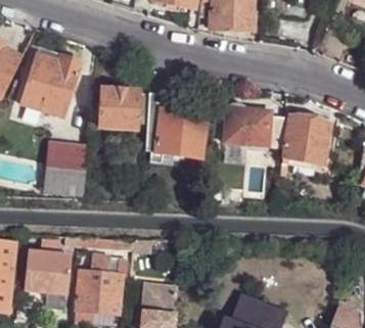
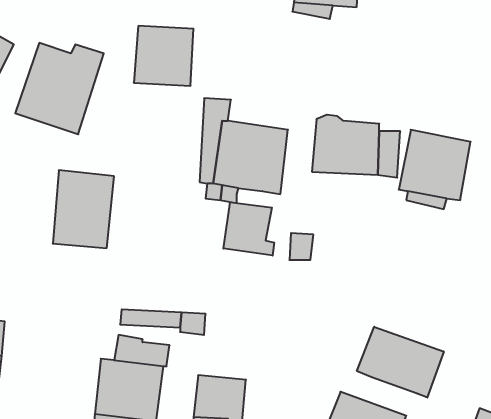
building: [98,88,139,129] -> [134,26,194,86]
building: none -> [223,202,274,256]
building: none -> [357,327,444,398]
building: [22,250,71,293] -> none

